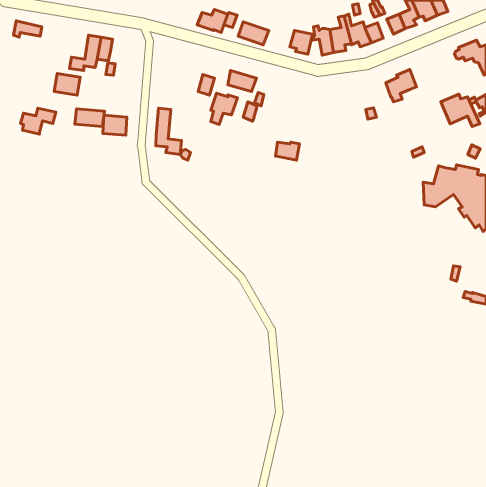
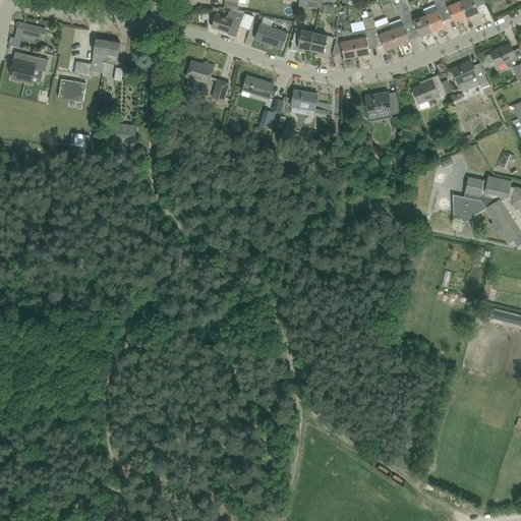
building: none -> [290,27,314,52]
building: none -> [364,92,399,114]
building: [211,93,237,124] -> [185,60,214,94]
building: [441,94,480,127] -> [451,60,493,95]
building: [156,108,181,154] -> none
building: [21,108,56,134] -> [10,55,48,82]
building: [75,109,104,126] -> none
building: [276,142,299,160] -> [291,92,316,111]

